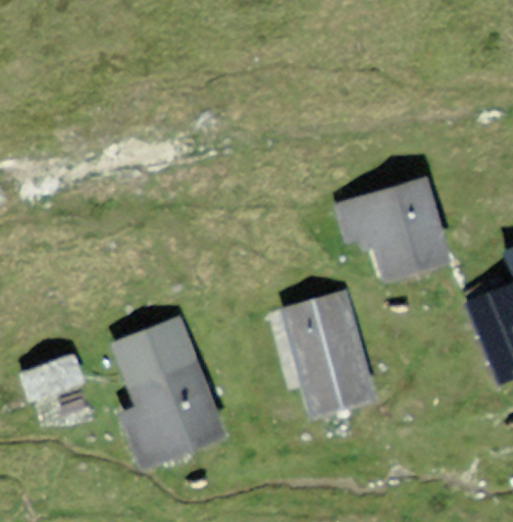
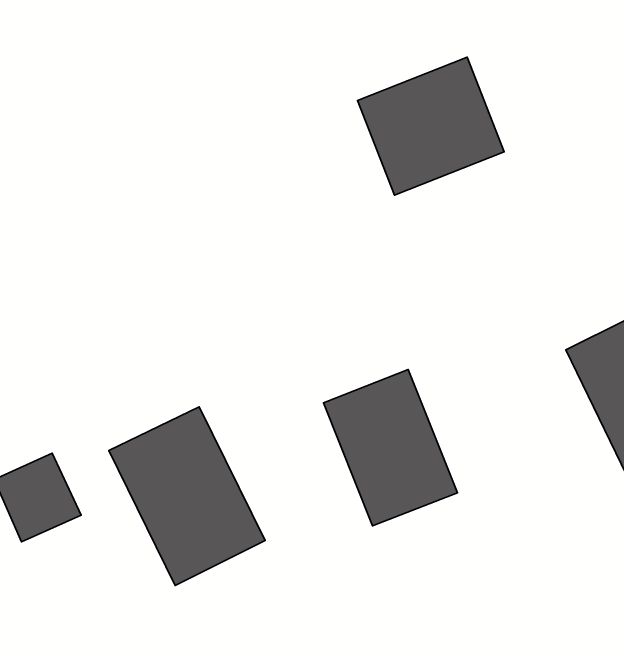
building: none -> [357,57,504,195]
building: [349,173,461,278] -> none

